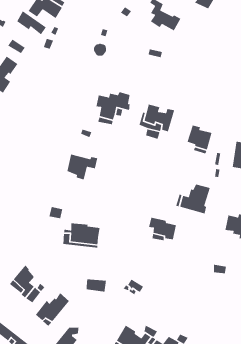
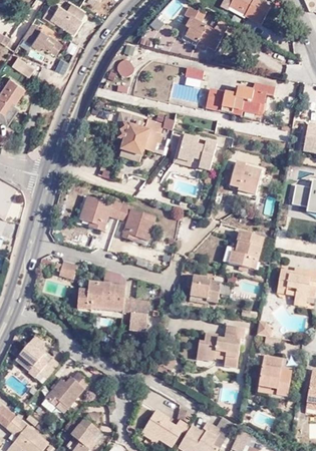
building: none -> [204,83,275,115]
building: none -> [120,203,157,241]
building: none -> [196,329,245,370]
building: [86,279,107,292] -> [123,302,149,319]
building: none -> [260,359,292,398]

